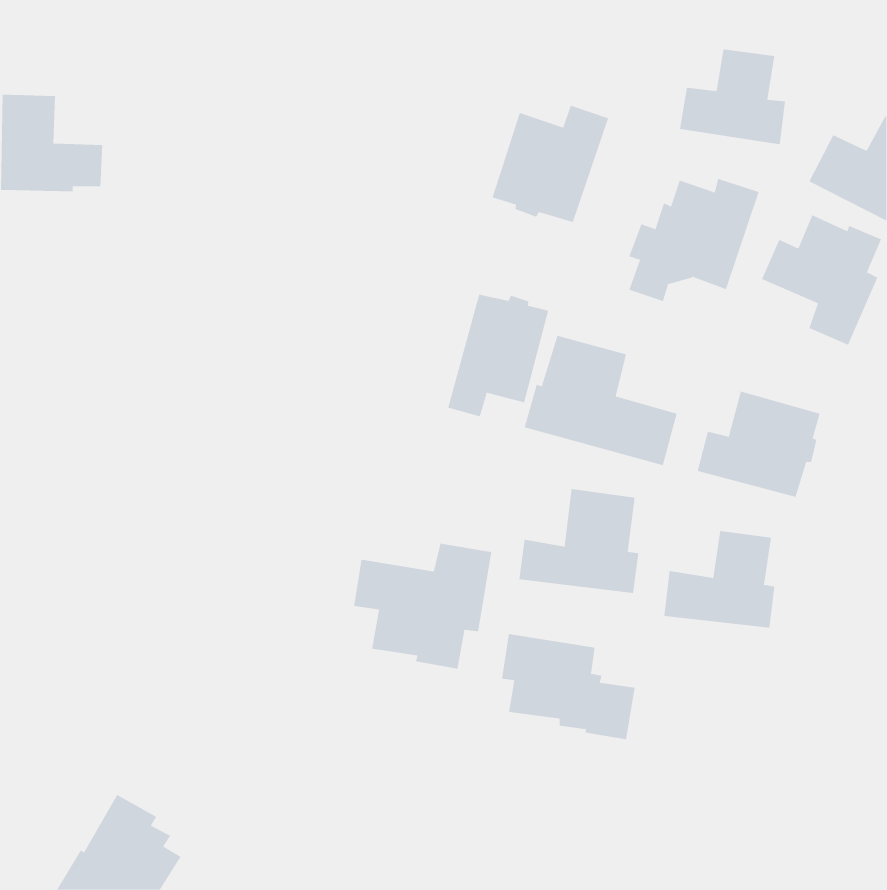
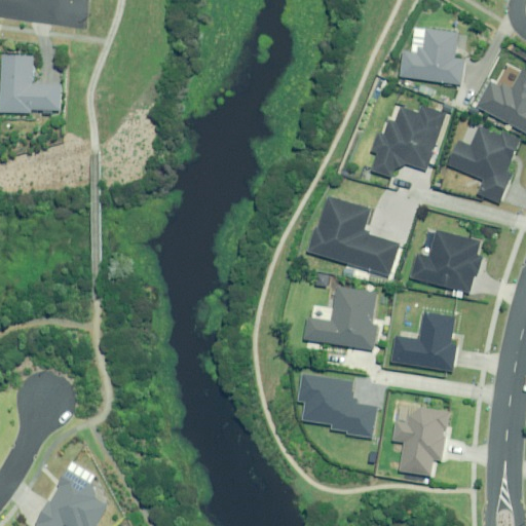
building: [492,105,609,223] -> none
building: [447,294,549,417] -> none
building: [353,543,492,670] -> none
building: none -> [392,407,449,476]

